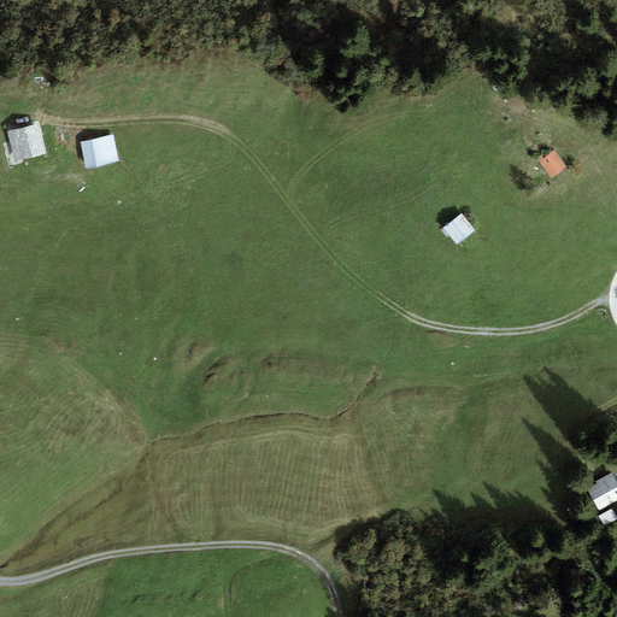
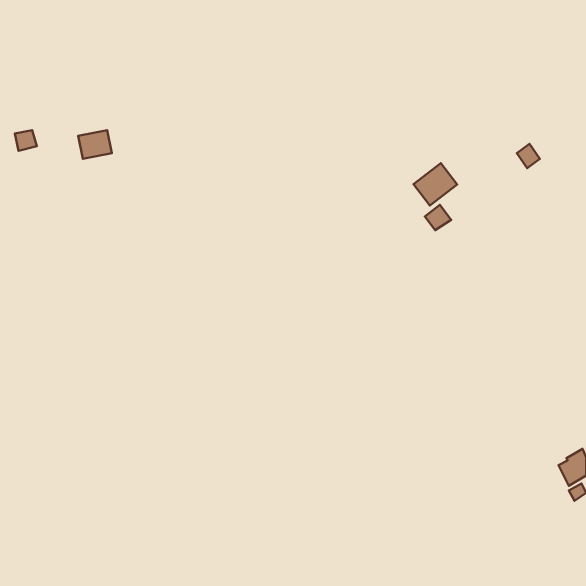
building: none -> [413,163,457,206]

